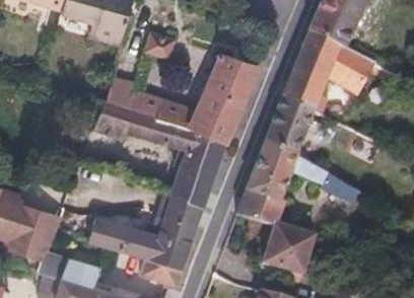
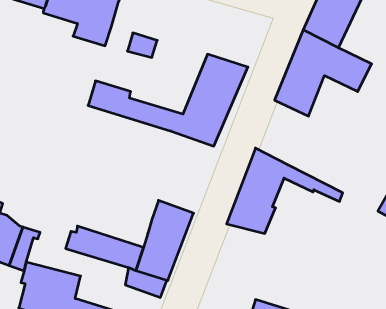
building: [265,98,316,160] -> none
building: [94,102,225,206] -> none
building: [263,225,315,275] -> none

